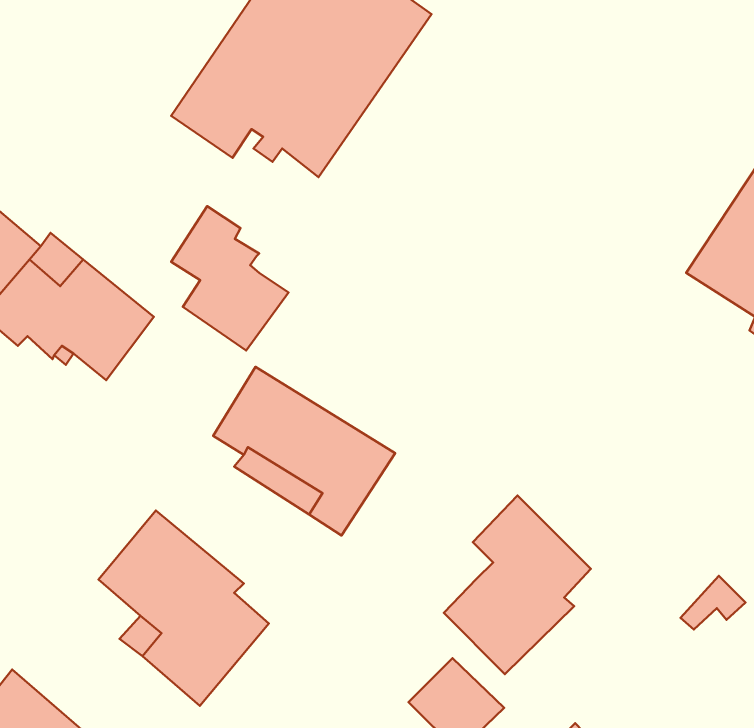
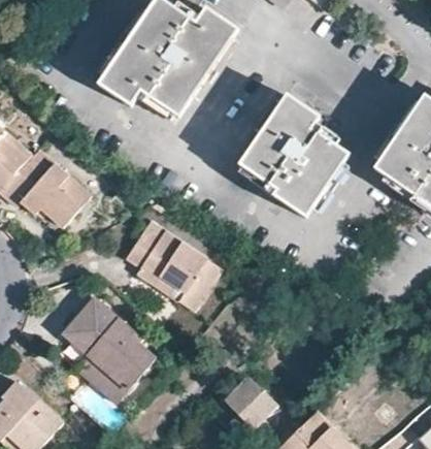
building: none -> [239,94,349,217]
building: [171,206,289,350] -> none
building: [444,496,591,674] -> none

